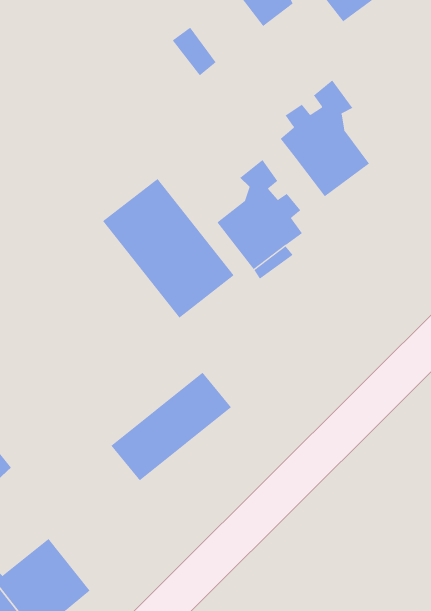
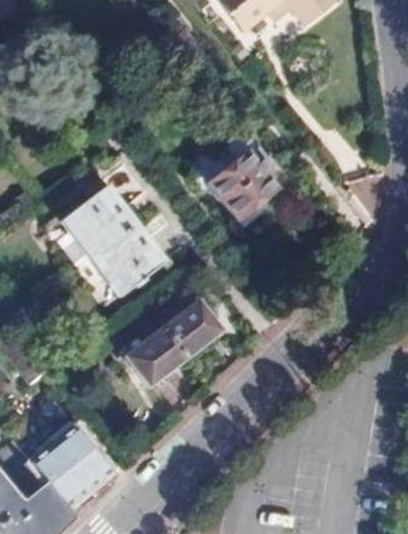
building: [280,79,370,197] -> none
building: [102,178,235,318] -> [61,186,164,295]

